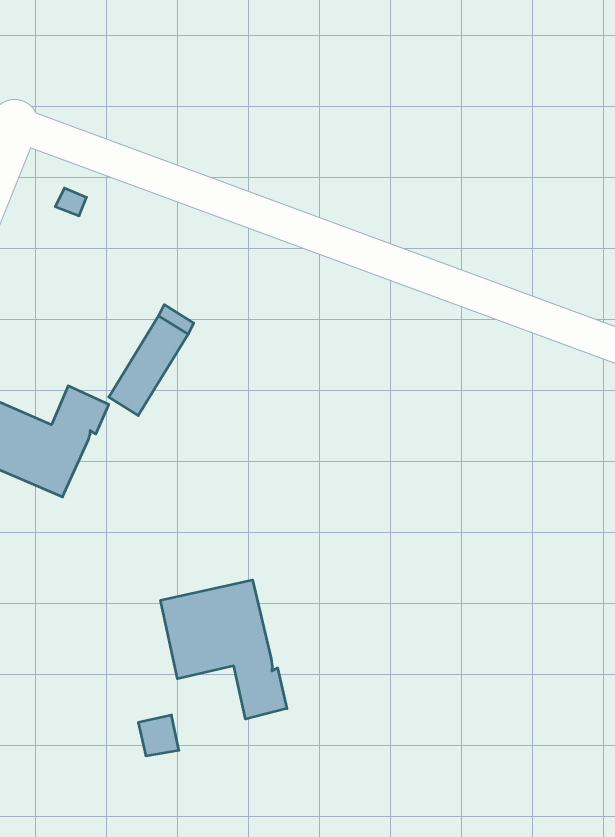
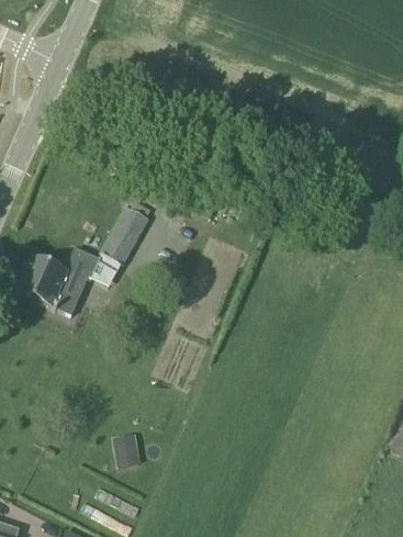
building: [161,580,287,719] -> none

